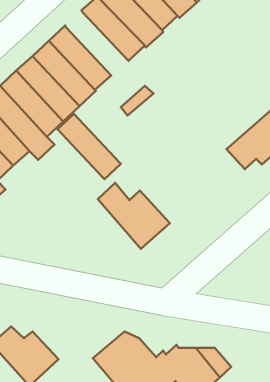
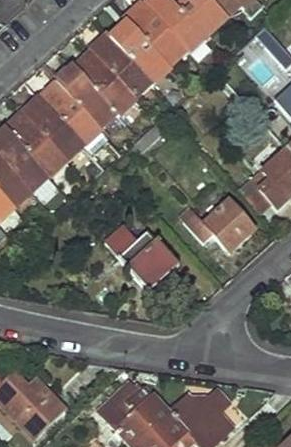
building: [57,114,121,179] -> [71,47,137,115]
building: none -> [178,201,251,250]

